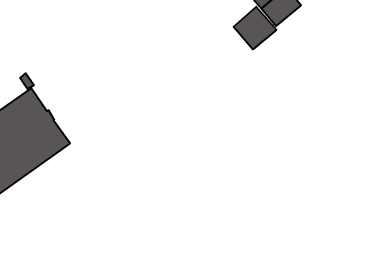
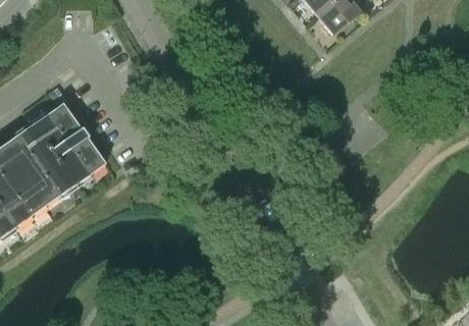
building: [234,7,276,49] -> none

